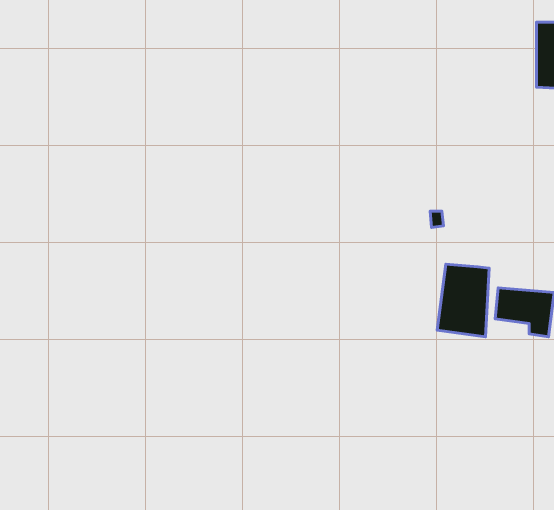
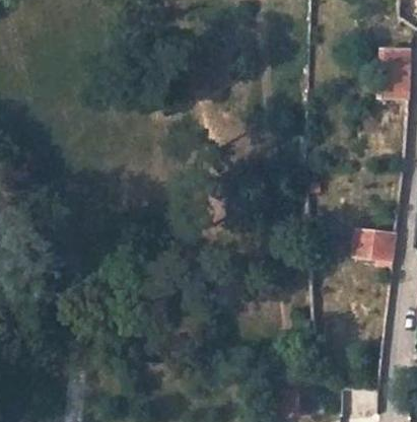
building: [437,264,489,337] -> none

